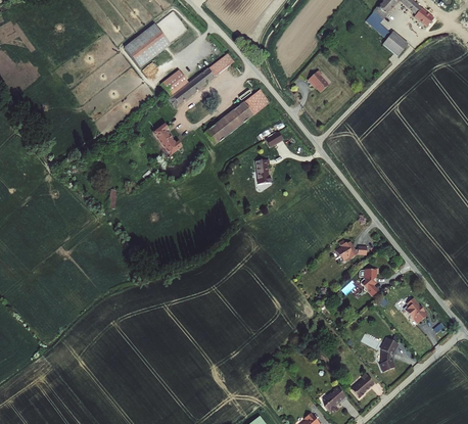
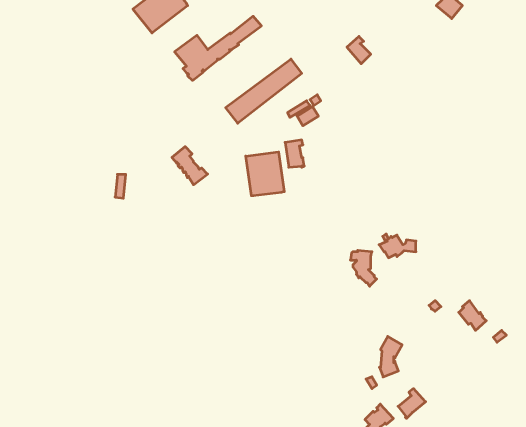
building: [151,123,182,155] -> [172,147,208,185]
building: none -> [246,152,284,196]
building: [359,269,381,299] -> [350,250,377,286]
building: [379,337,399,372] -> [379,336,402,377]

